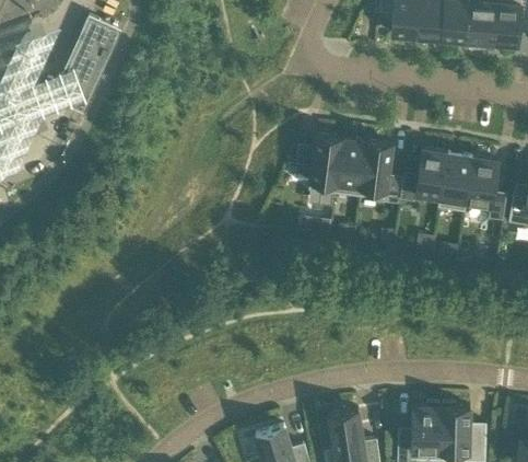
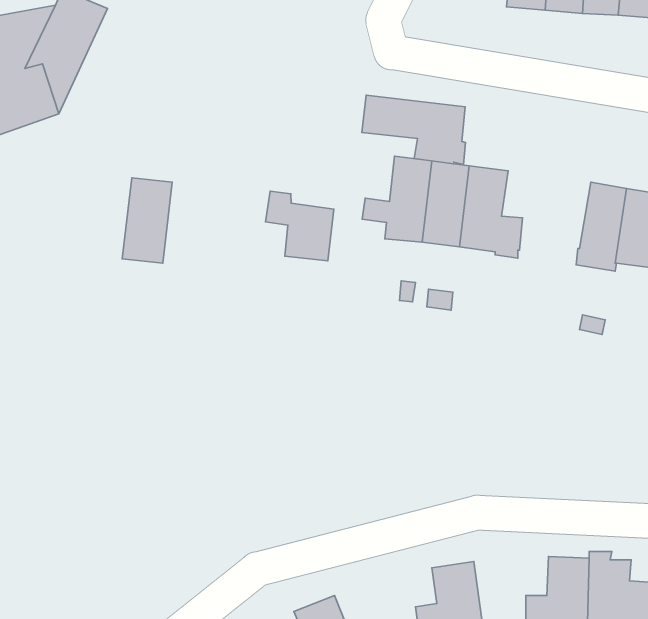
building: none -> [362,95,466,164]
building: [397,148,445,200] -> none
building: none -> [122,178,172,263]
building: none -> [265,191,334,261]

